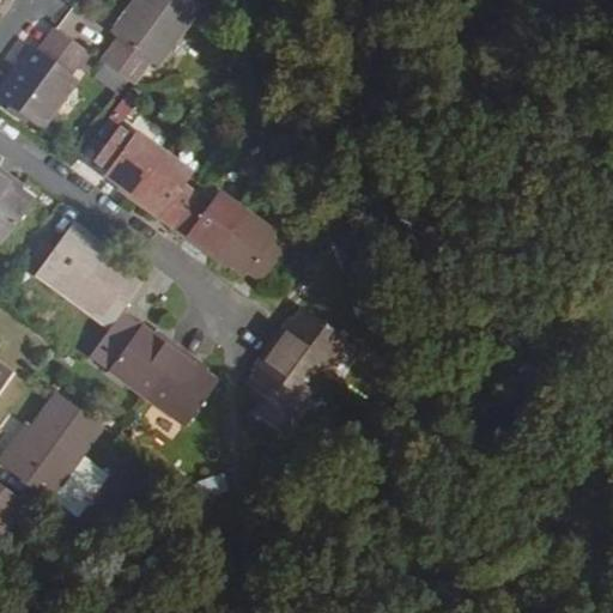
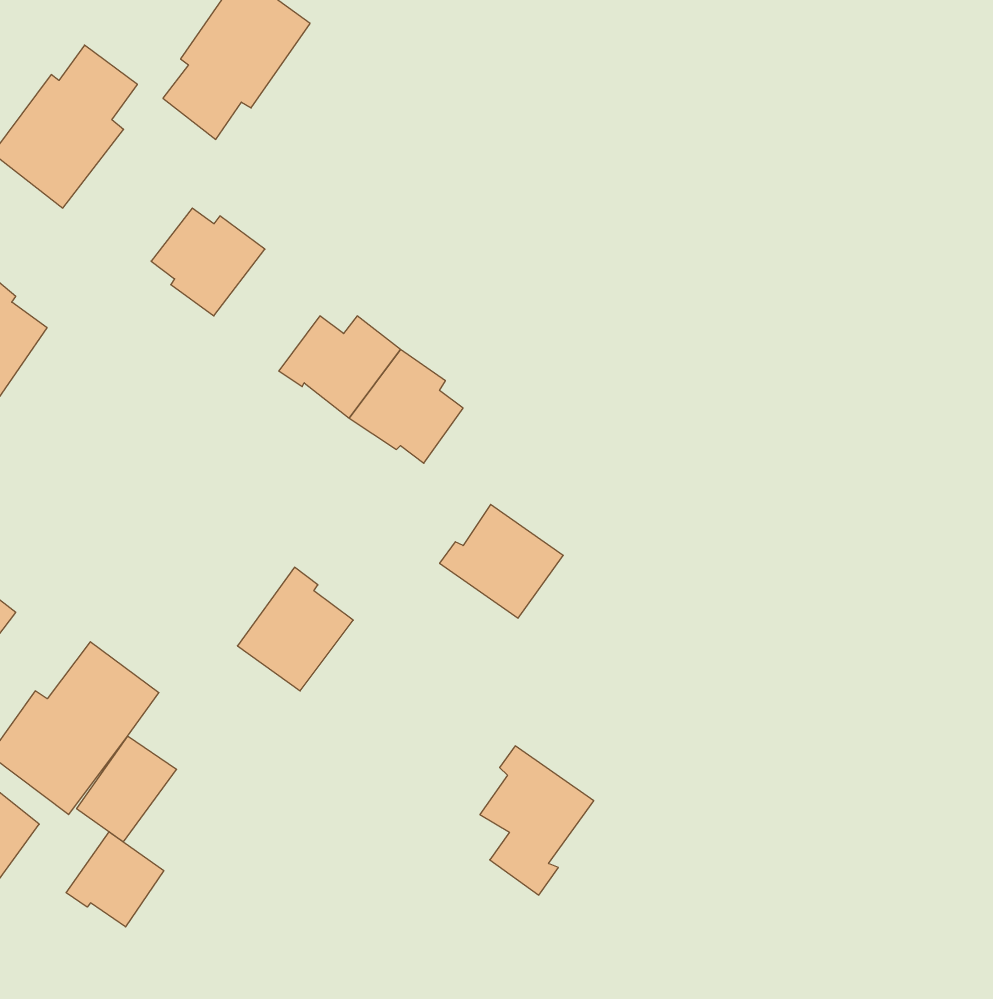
building: [131,152,195,226] -> none
building: [36,221,139,324] -> none
building: [108,323,180,394] -> none
building: [247,344,316,435] -> [480,746,594,895]
building: none -> [66,832,164,927]

